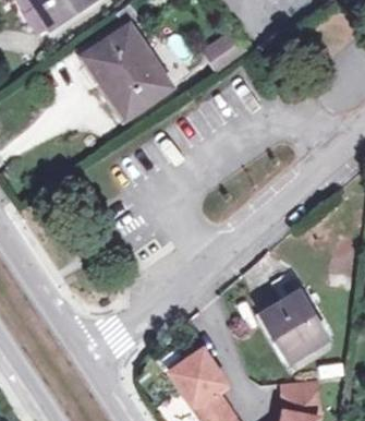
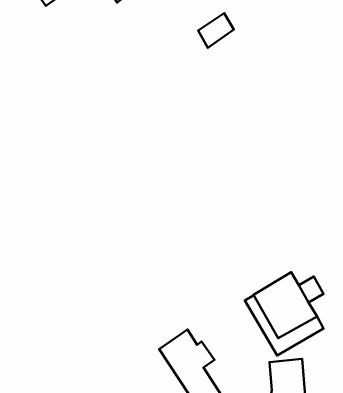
building: [86,27,171,113] -> none

